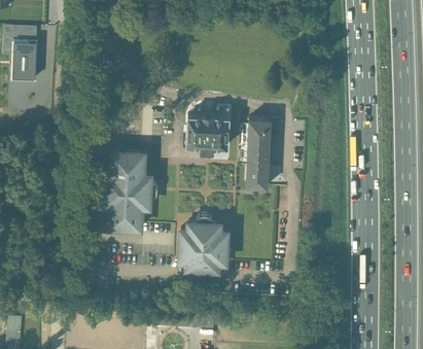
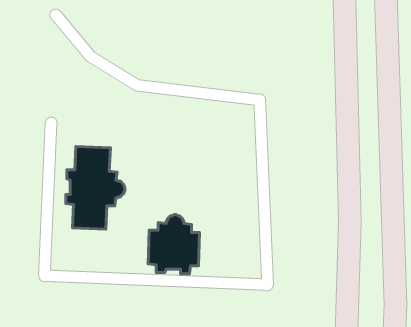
building: [186,111,228,150] -> none
building: [246,116,271,186] -> none

